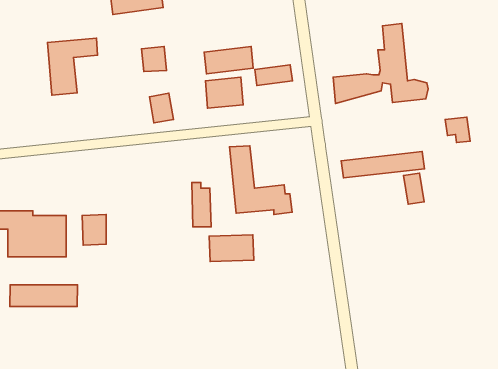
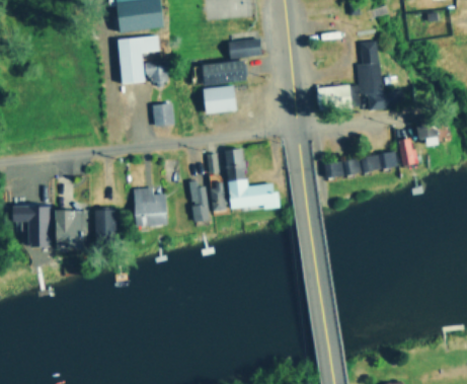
building: [47,38,98,95] -> [118,35,162,86]
building: [255,65,292,86] -> [228,40,261,58]
building: [404,173,424,204] -> [399,139,417,166]
building: none -> [134,187,167,227]
building: [209,235,254,261] -> none
building: [10,285,77,306] -> none

